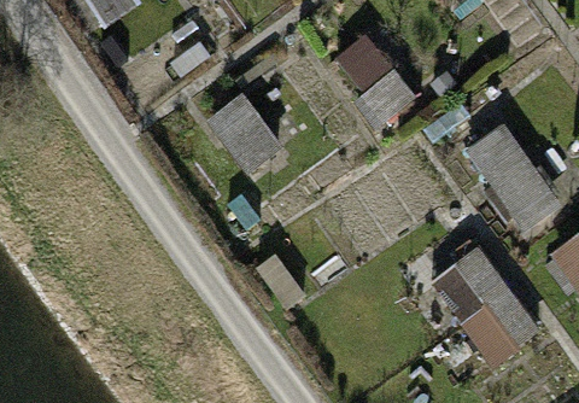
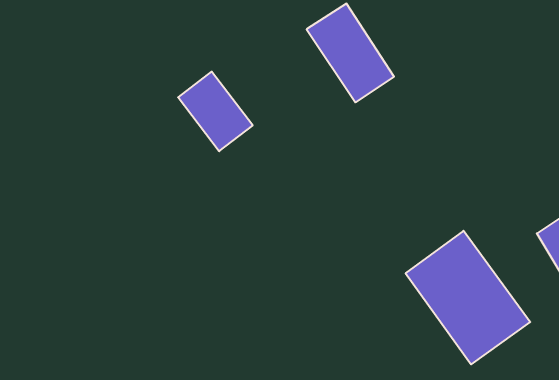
building: [468,125,561,233] -> none

